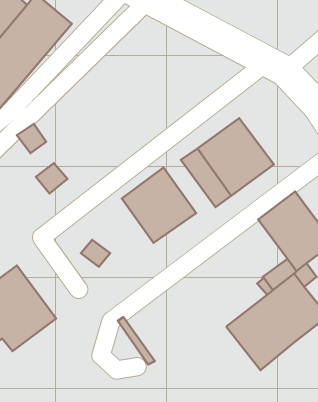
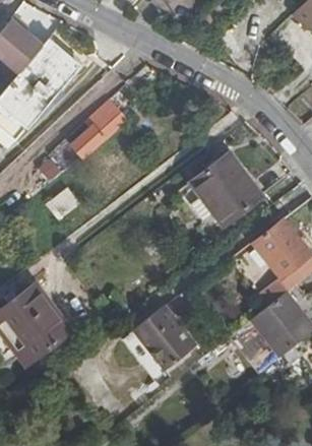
building: none -> [75,100,125,151]
building: [122,168,196,243] -> none
building: none -> [134,304,197,367]

